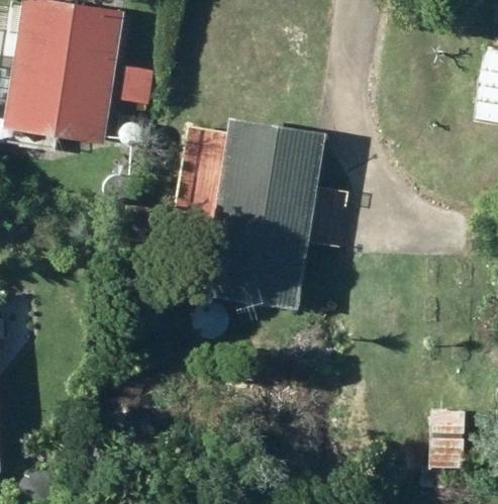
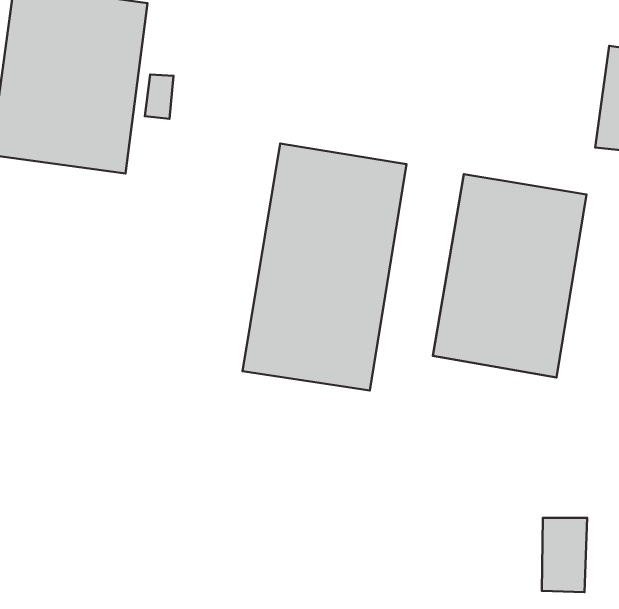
building: none -> [433,174,587,377]

